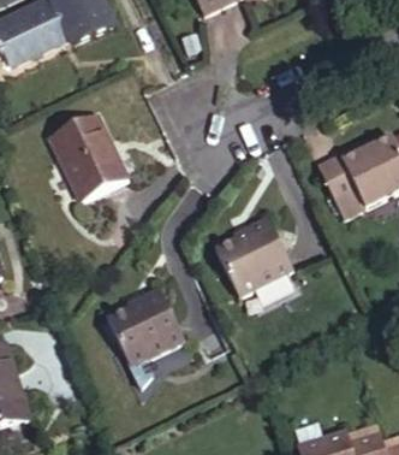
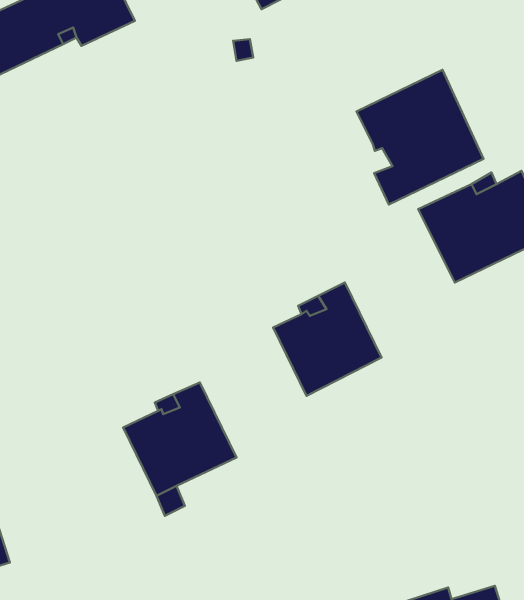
building: none -> [357,70,483,204]
building: [50,114,132,203] -> none

